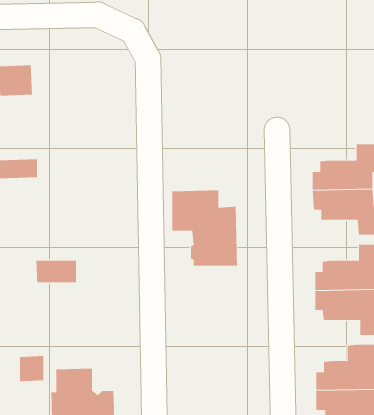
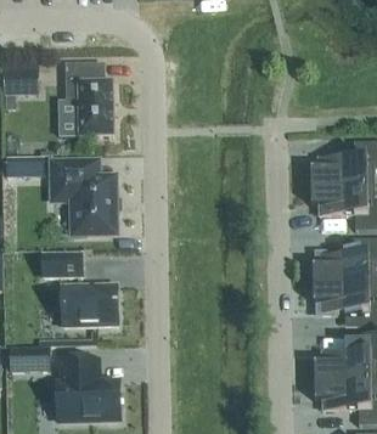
building: none -> [66,63,114,136]
building: [172,190,238,266] -> [51,159,116,233]
building: none -> [61,284,117,326]

